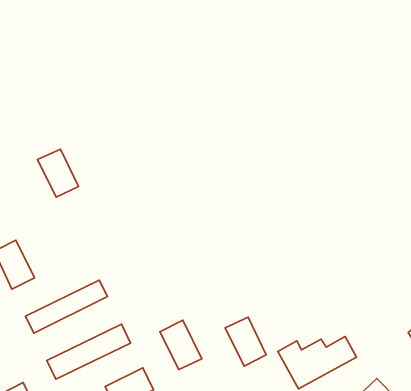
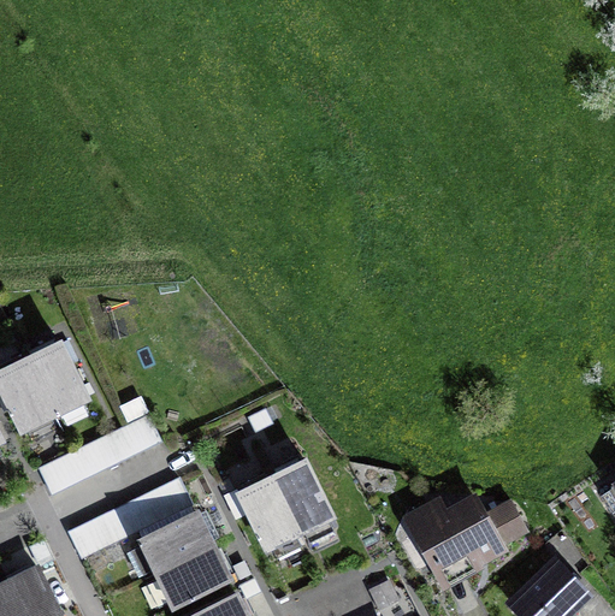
building: [37,149,78,197] -> [25,342,85,413]
building: [225,317,266,366] -> [271,460,331,532]
building: none -> [140,511,212,573]

